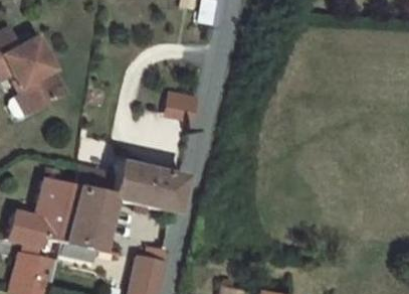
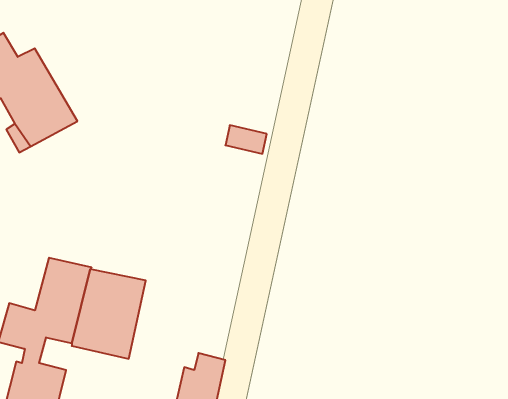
building: [71,168,184,214] -> none

